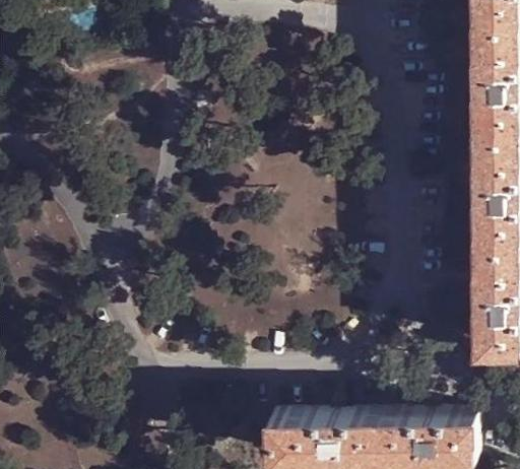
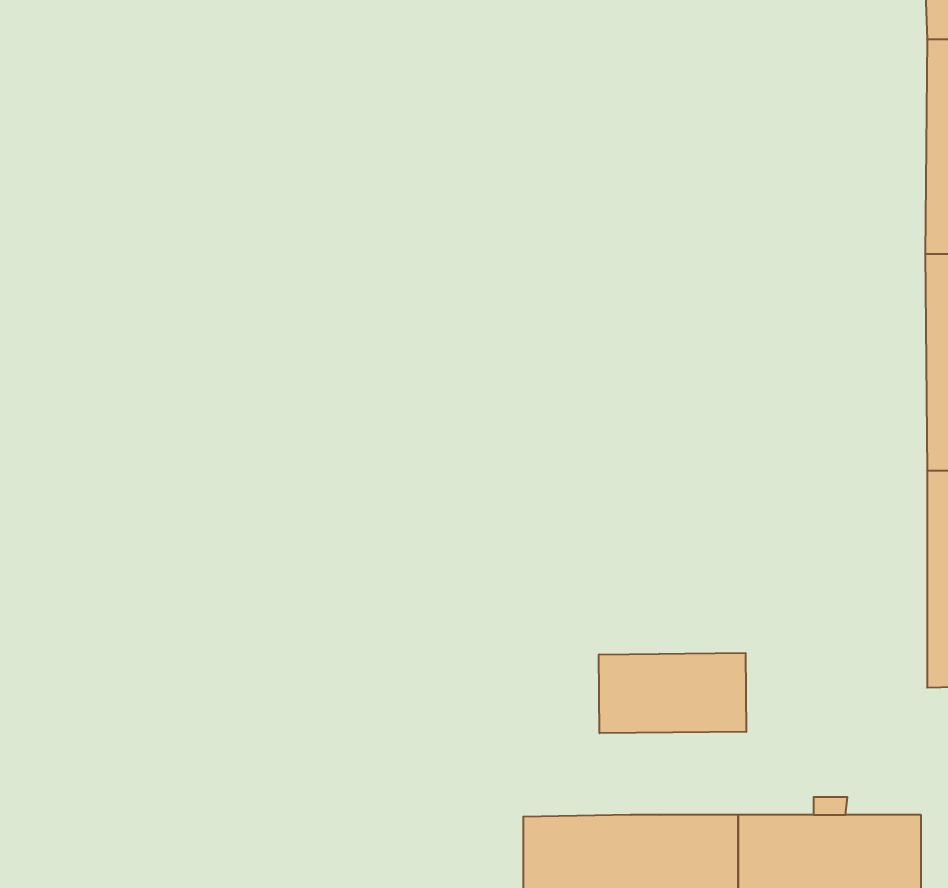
building: none -> [599,653,746,733]

